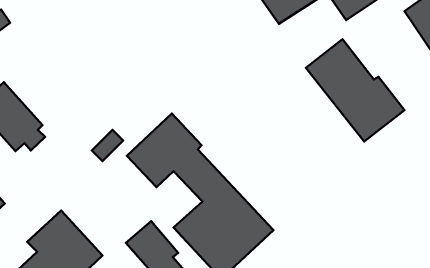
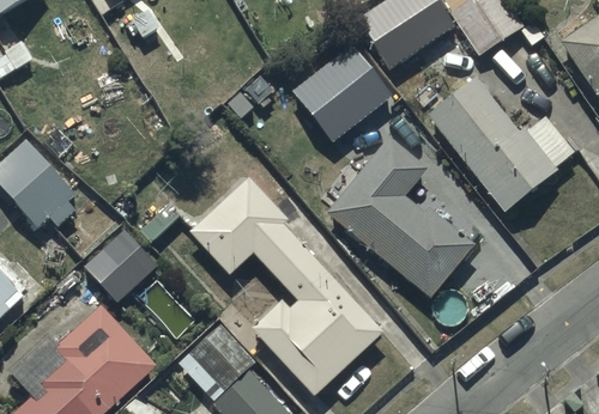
building: none -> [291,35,393,134]
building: none -> [325,136,474,300]
building: none -> [85,229,157,302]

